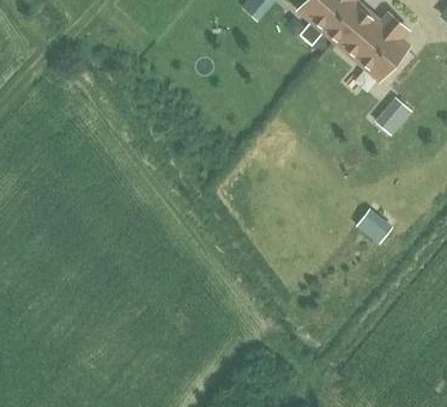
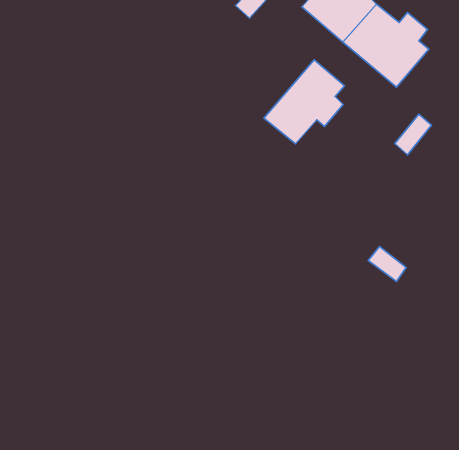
building: none -> [264,60,344,144]

